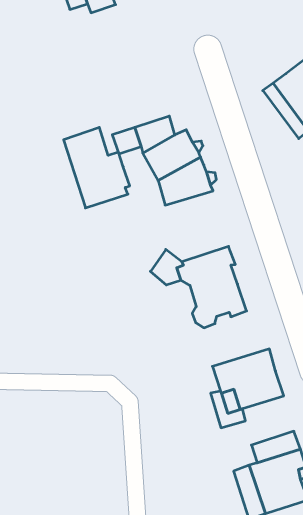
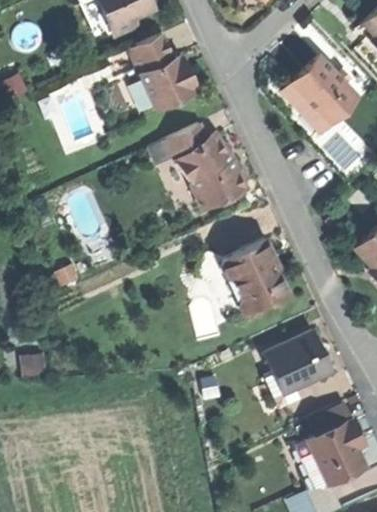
building: [64,127,130,208] -> [131,34,197,110]

